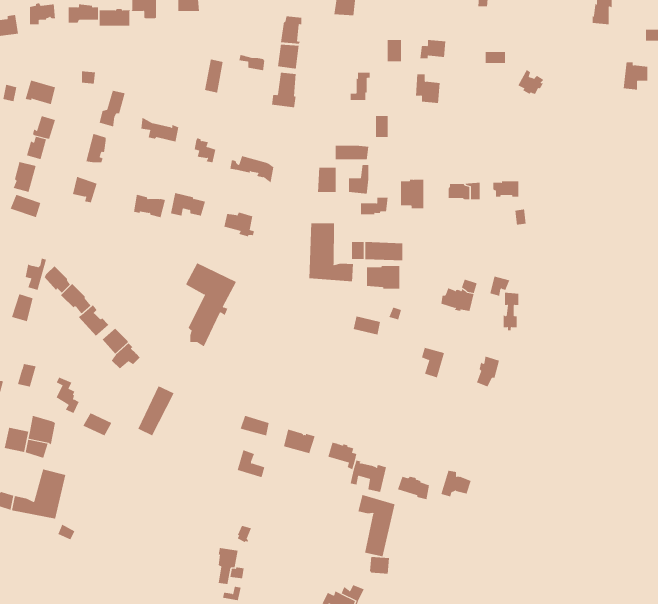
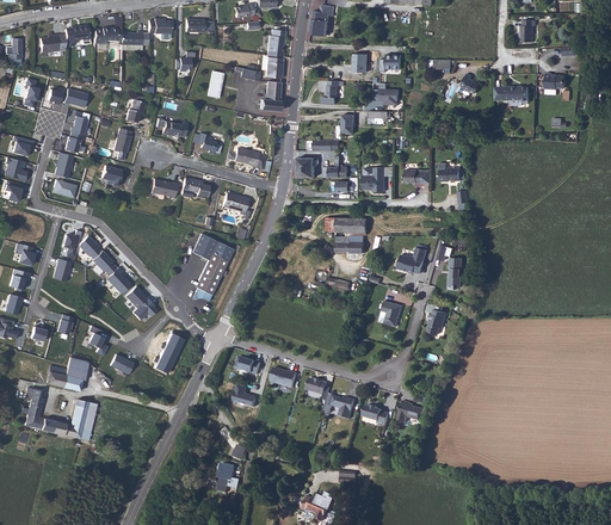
building: none -> [495,86,529,106]
building: [309,222,354,282] -> none
building: [358,494,395,557] -> none

